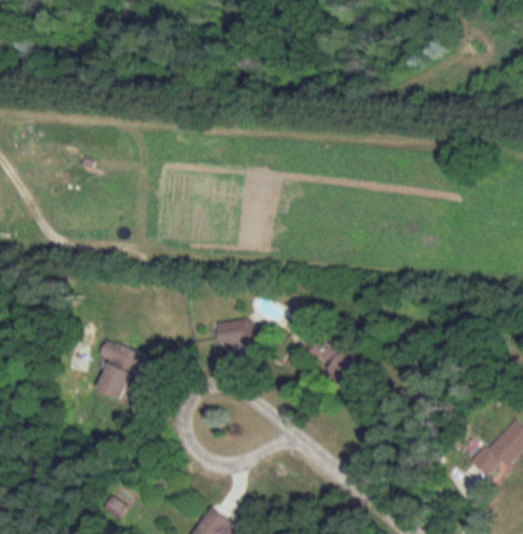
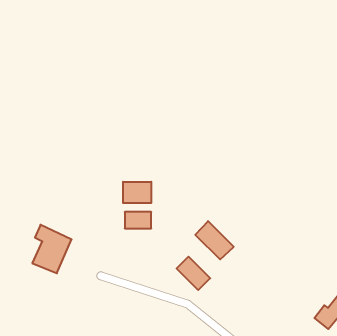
building: none -> [123,182,151,203]
building: none -> [177,257,210,290]

